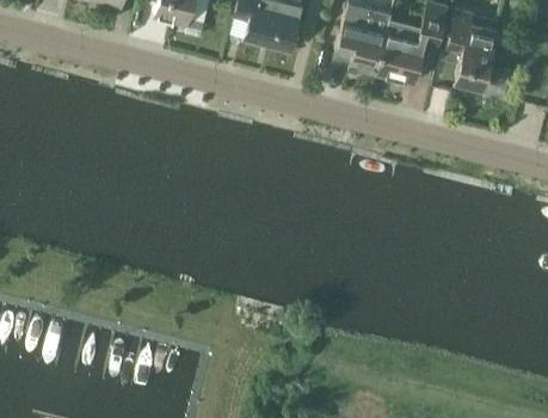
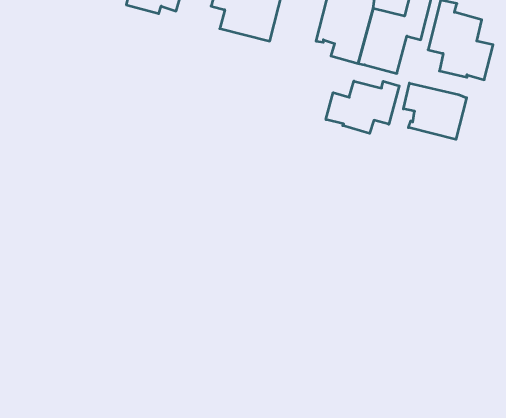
building: none -> [326,81,399,133]
building: none -> [403,83,467,139]

